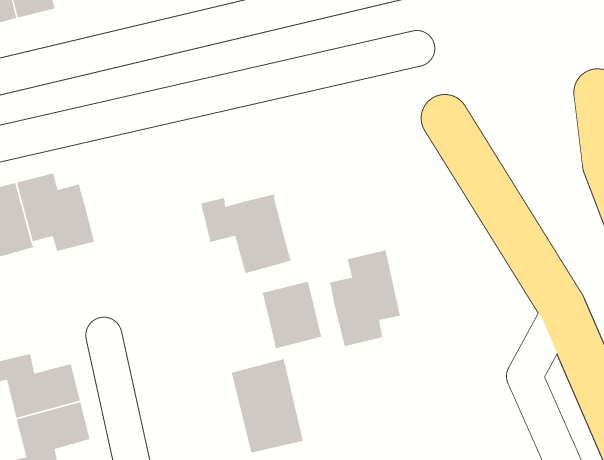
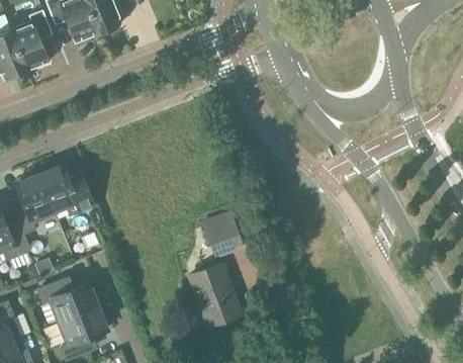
building: [200,194,291,274] -> none
building: [329,249,401,347] -> none

